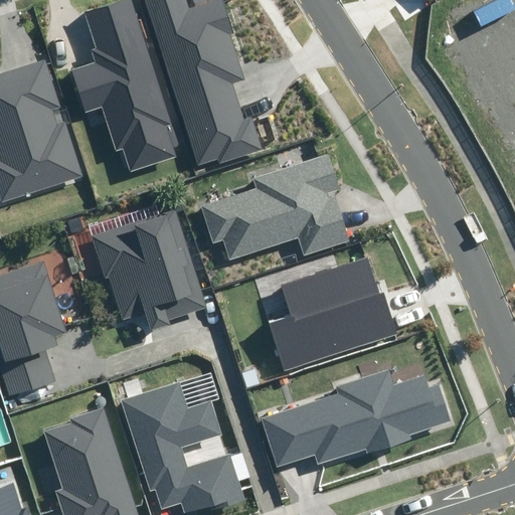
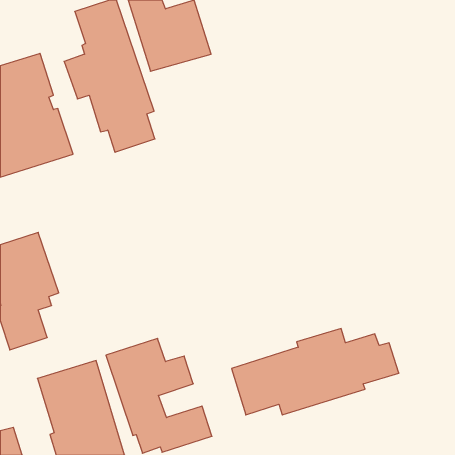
building: [170,61,263,167] -> none
building: [199,153,348,262] -> none
building: [92,209,206,325] -> none
building: [268,255,397,371] -> none

